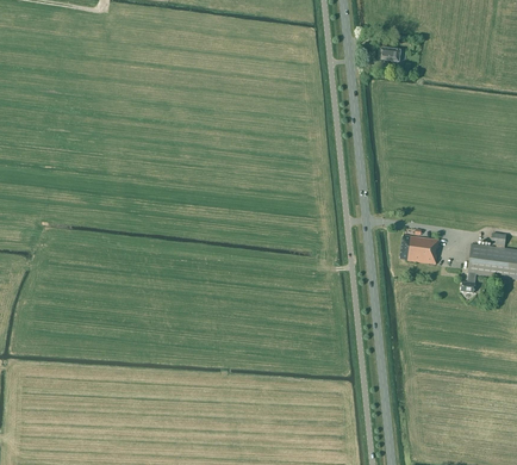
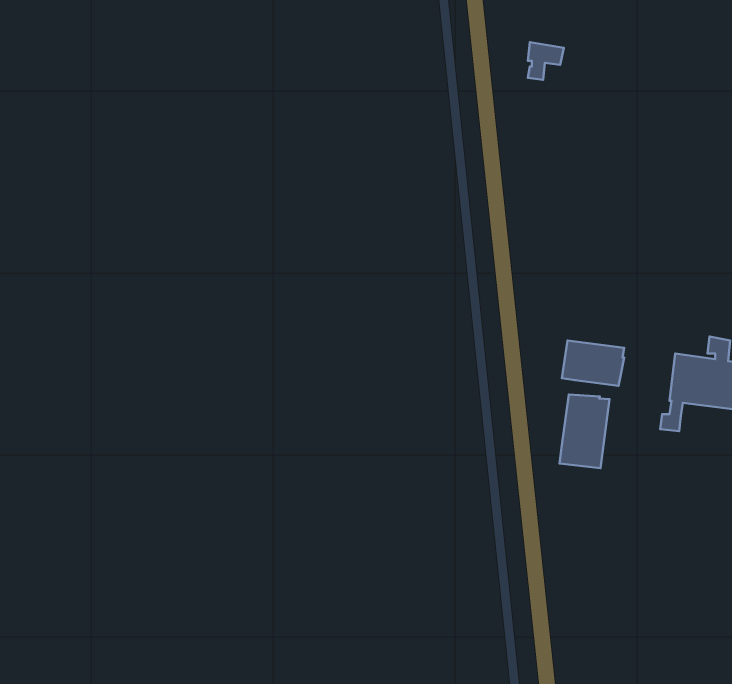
building: none -> [560,395,610,468]

